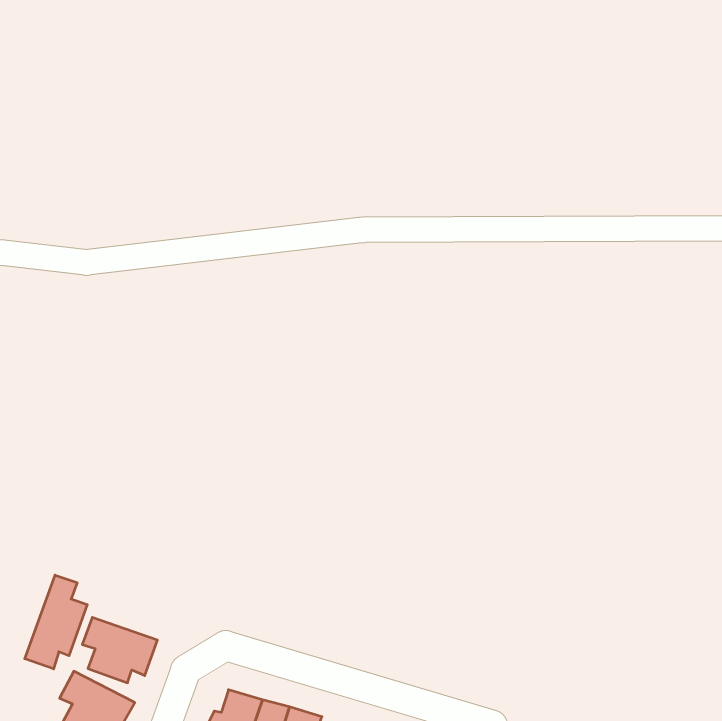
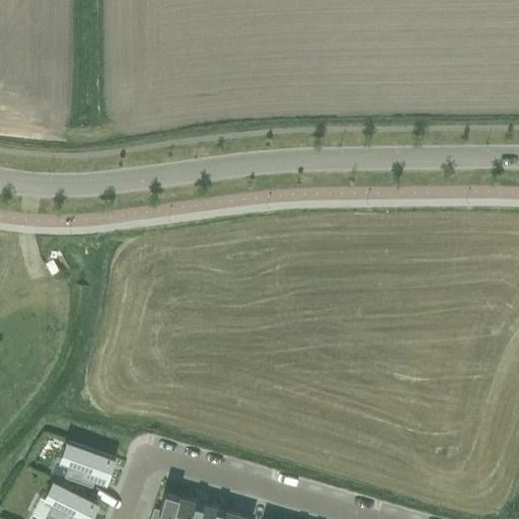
building: [25,575,87,669] -> none

